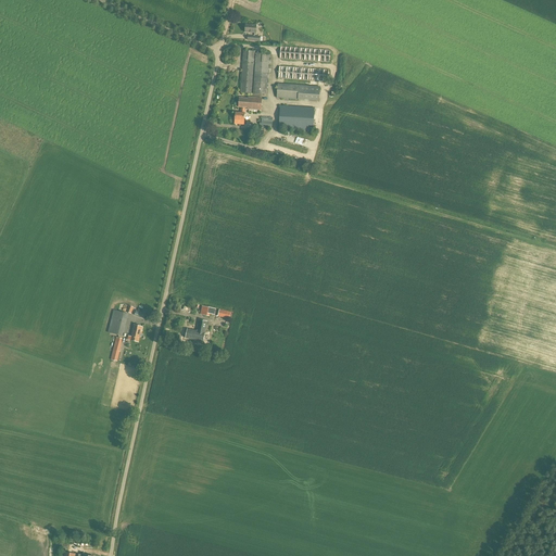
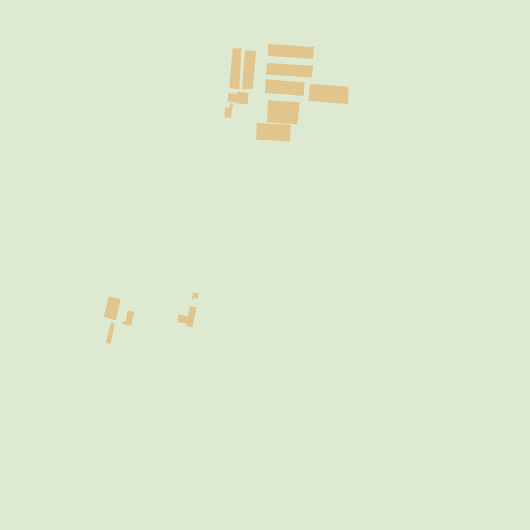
building: none -> [308,83,349,105]
building: none -> [256,122,292,142]

